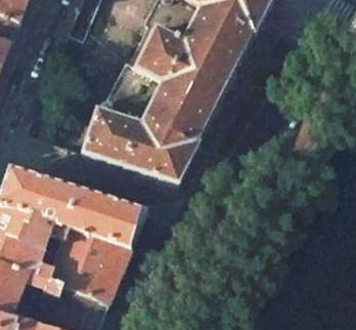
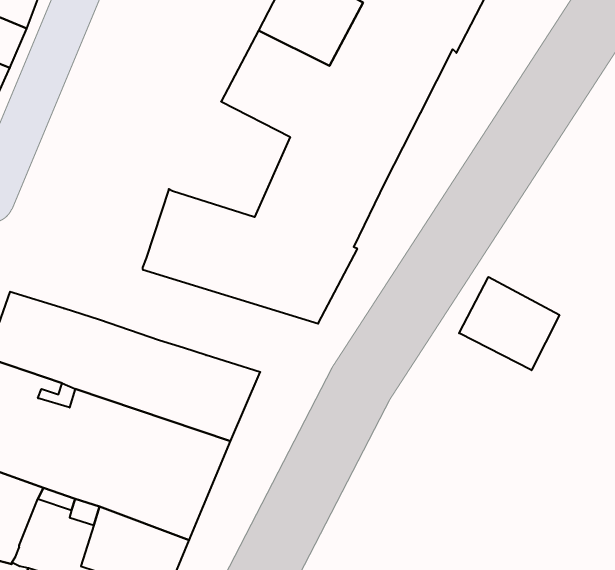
building: [98,59,163,123] -> none
building: none -> [459,277,559,370]

